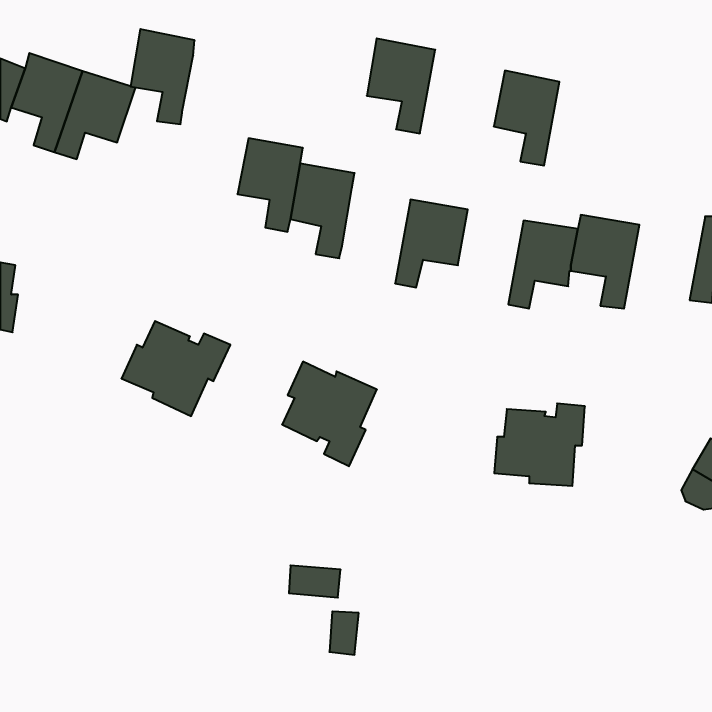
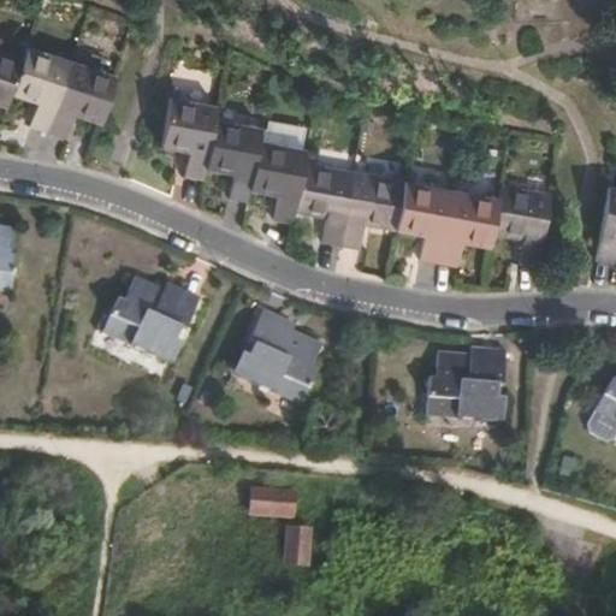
building: [130,29,195,124] -> [161,96,217,178]
building: [367,38,435,133] -> [296,162,355,244]
building: [494,71,559,166] -> [396,180,452,262]

